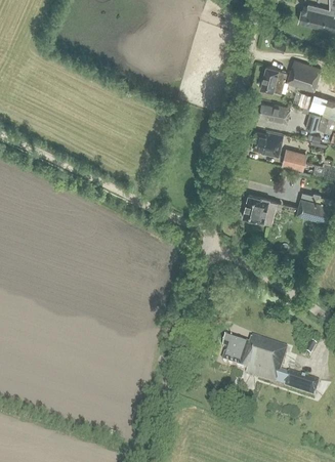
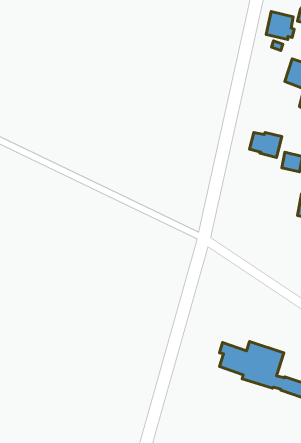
building: [259,66,287,93] -> [266,12,294,40]
building: [258,102,290,123] -> none
building: [242,194,276,221] -> none

